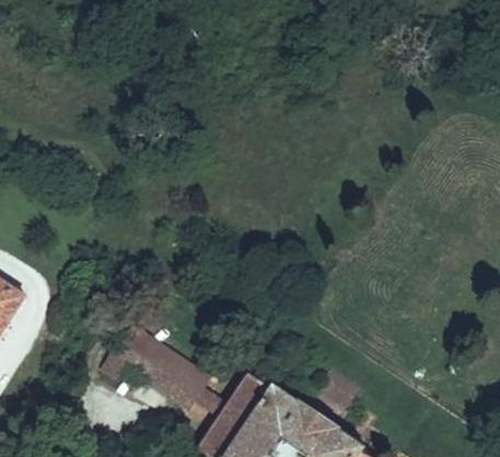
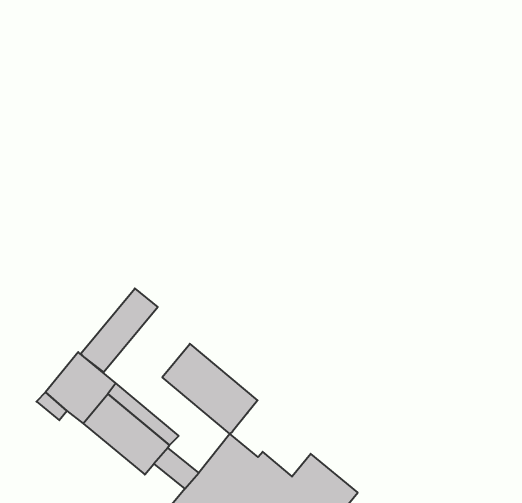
building: none -> [81,288,158,372]
building: none -> [162,344,258,434]

